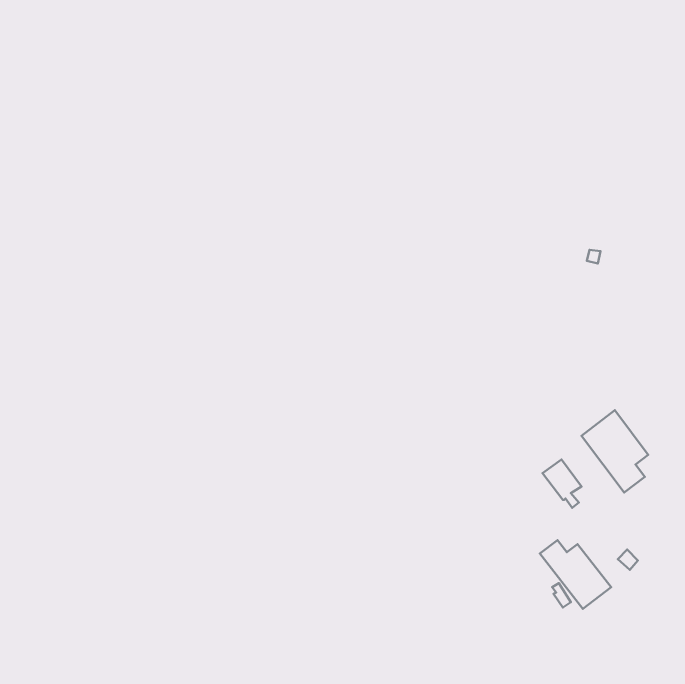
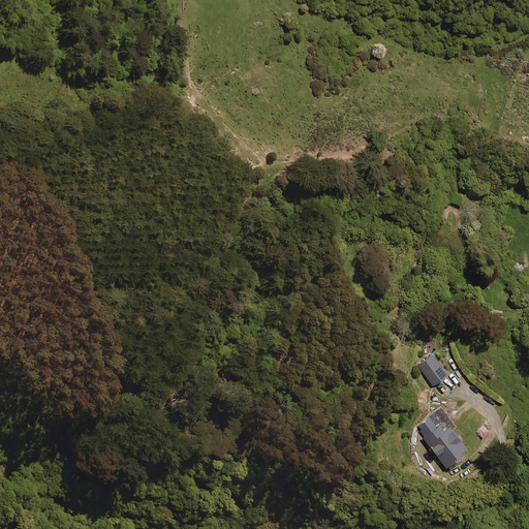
building: [582,410,648,493] -> none

